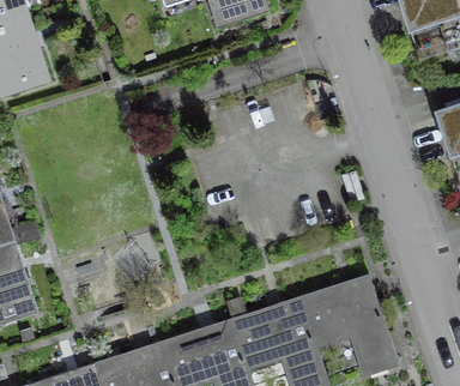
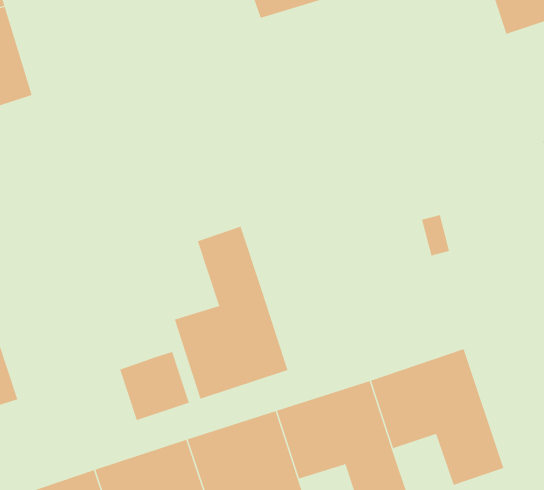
building: none -> [174,226,288,399]
building: none -> [120,351,190,421]

